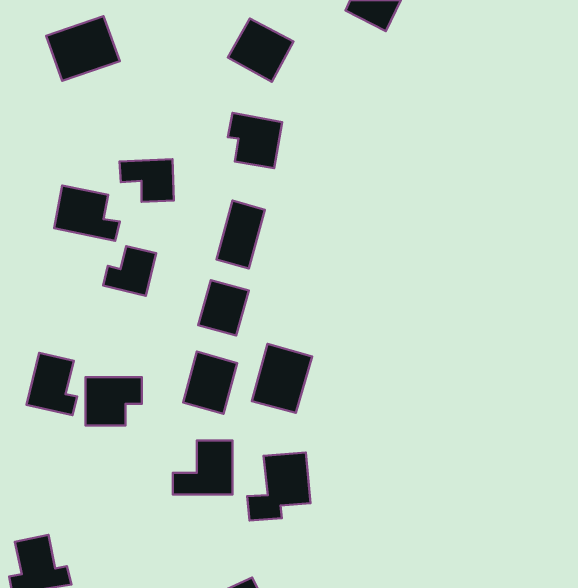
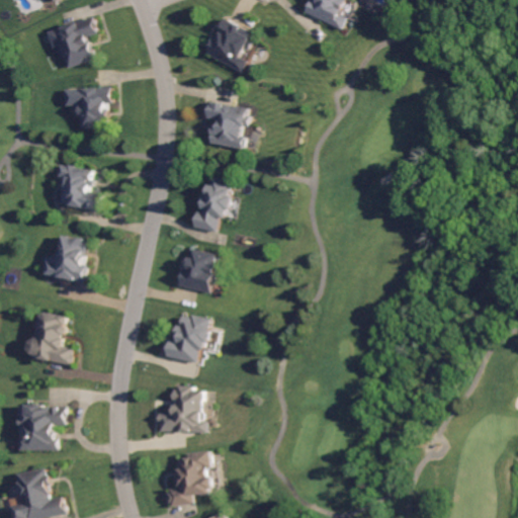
building: [120,159,174,202] -> [59,89,106,126]
building: [103,246,156,296] -> [39,238,86,281]
building: [252,344,312,413] -> none
building: [85,377,142,426] -> [14,405,64,447]
building: [247,452,311,520] -> [157,449,212,509]

